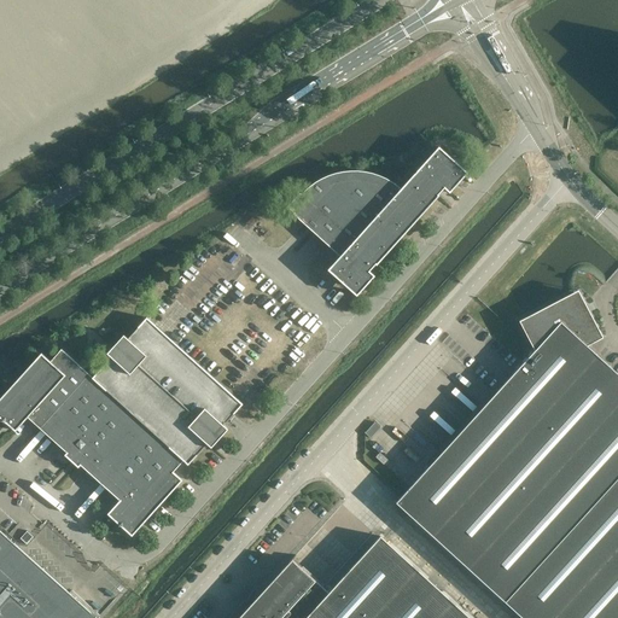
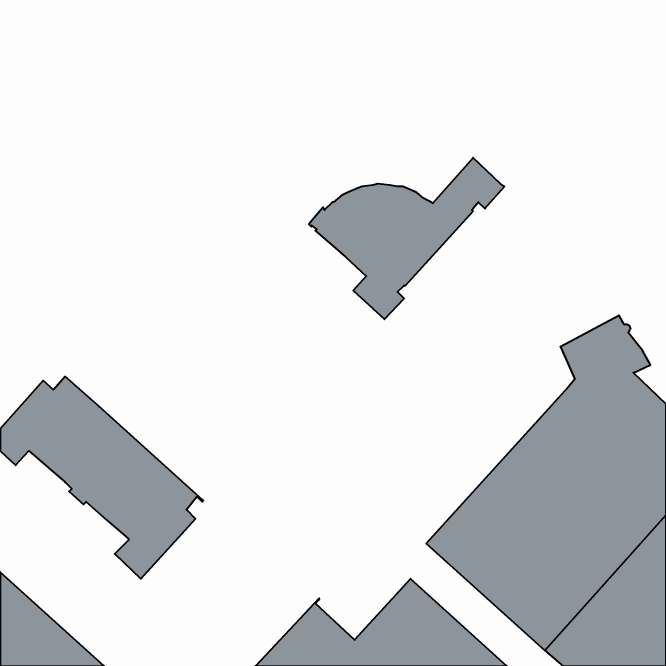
building: [92,317,241,464] -> none

